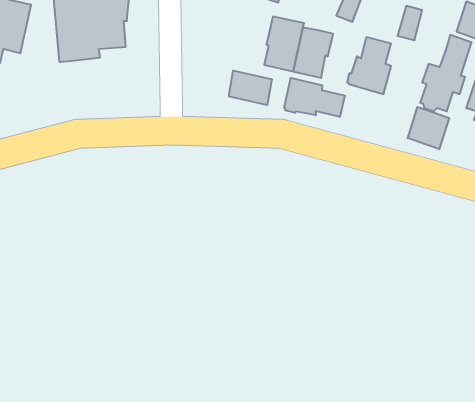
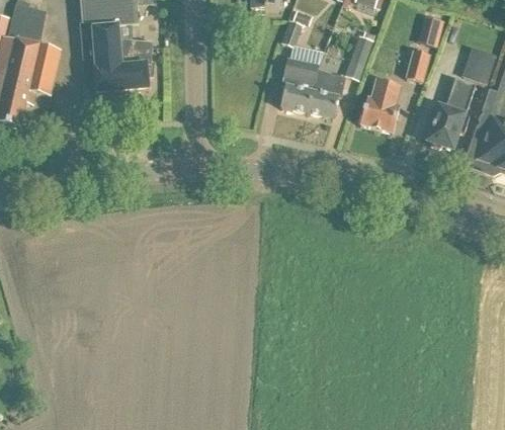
building: [229,70,272,105] -> none
building: [284,78,345,117] -> none
building: [408,107,449,149] -> none

